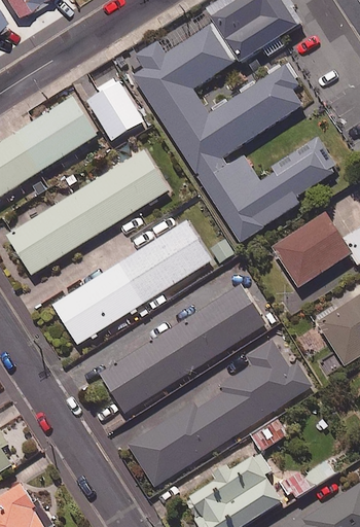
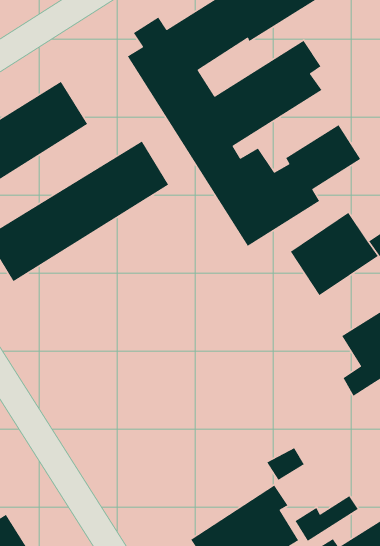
building: [86,77,143,141] -> none
building: [52,220,211,345] -> none
building: [100,285,265,413] -> none
building: [129,339,313,486] -> none

